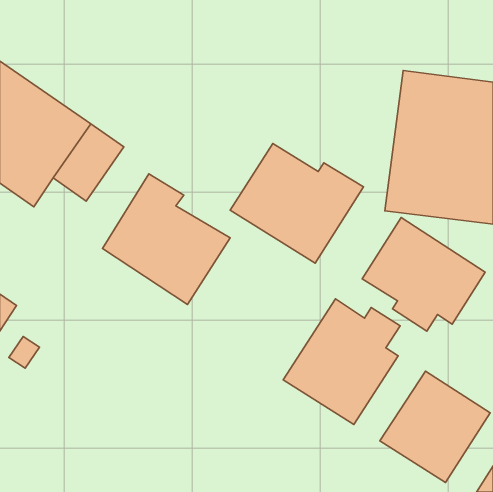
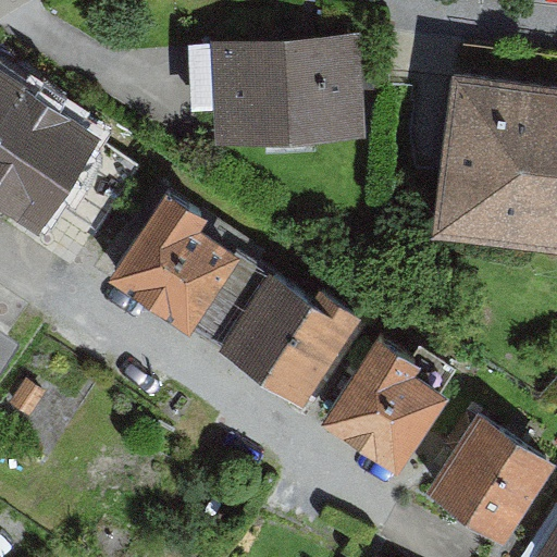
building: none -> [186,37,360,141]
building: [230,143,364,263] -> [211,268,361,403]
building: [362,218,485,331] -> none

